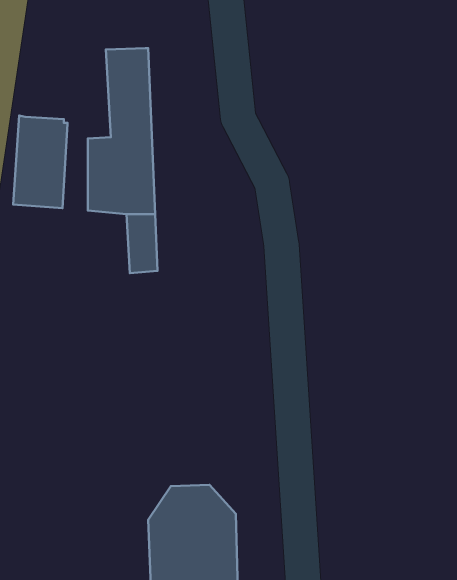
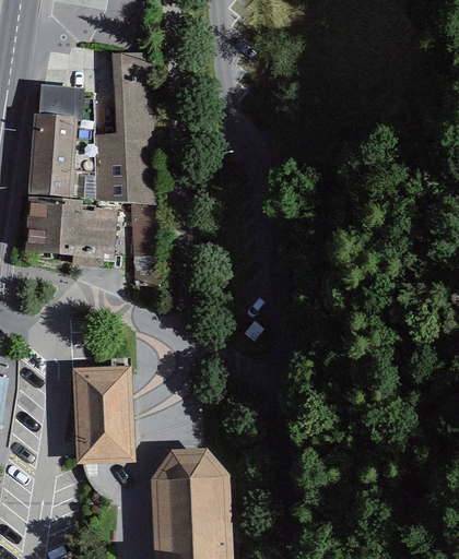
building: none -> [38,84,83,121]
building: none -> [23,198,117,260]
building: none -> [72,364,134,463]

